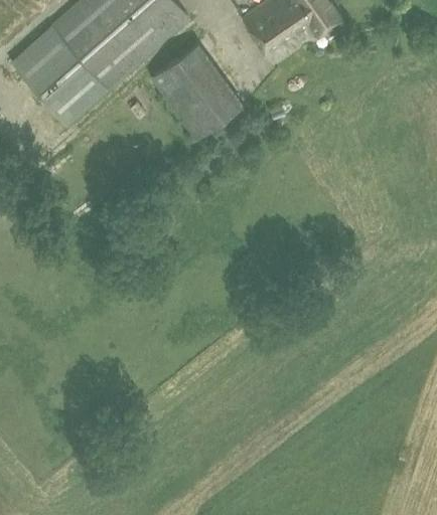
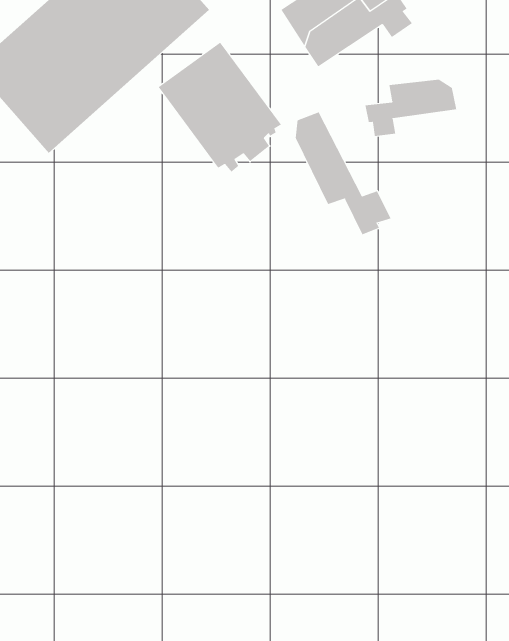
building: none -> [365,79,457,137]
building: none -> [295,111,391,235]

